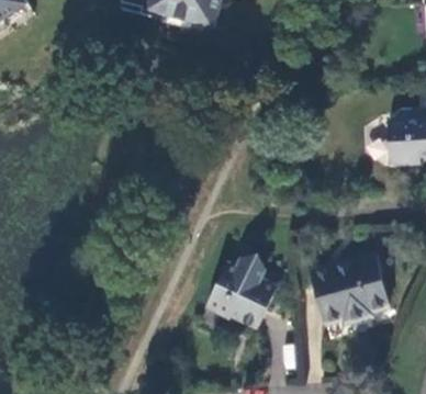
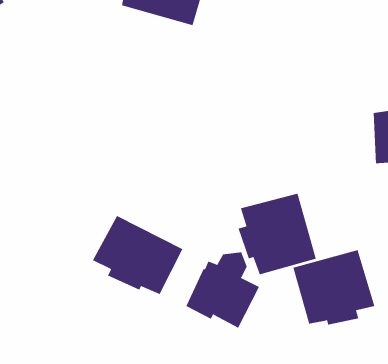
building: none -> [238,193,317,275]
building: none -> [92,215,183,295]

